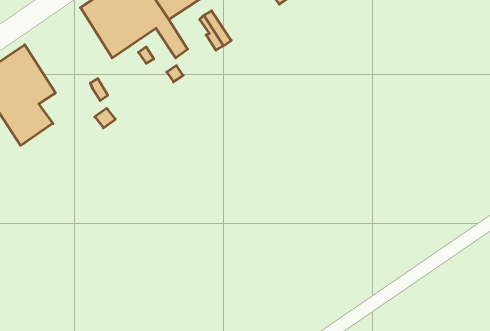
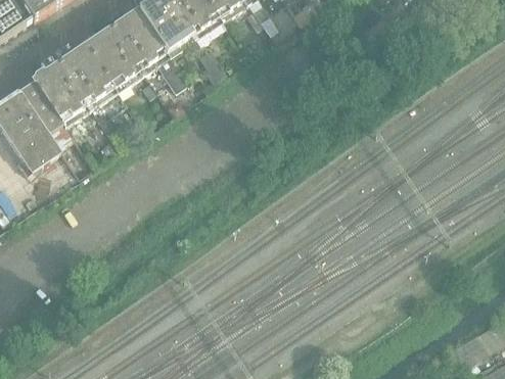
building: none -> [33,41,114,123]

